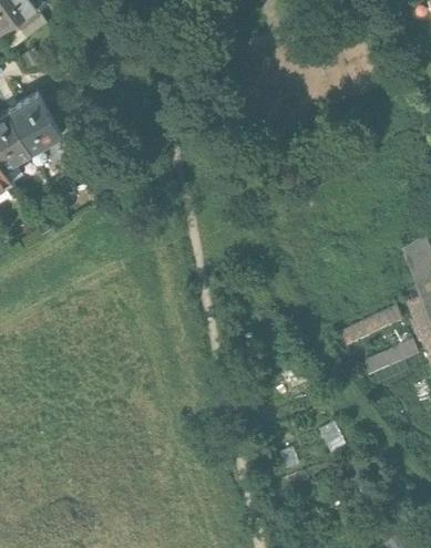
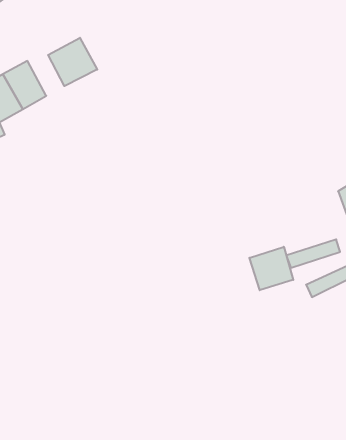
building: none -> [48,38,97,86]
building: none -> [249,247,293,290]

